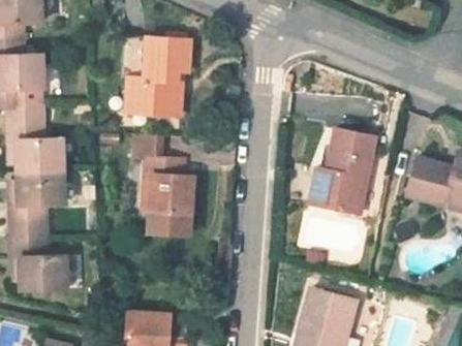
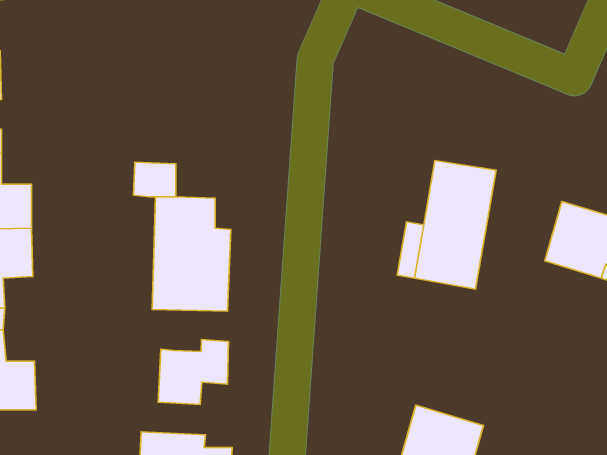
building: [124,32,191,113] -> none
building: none -> [158,340,229,405]

